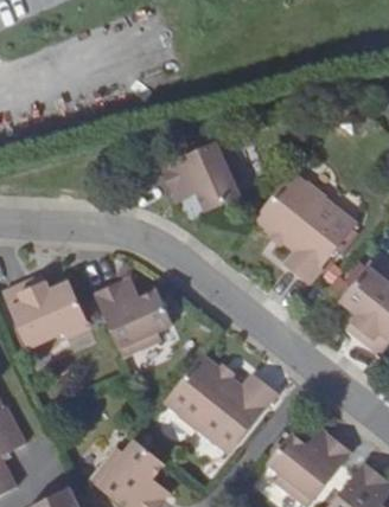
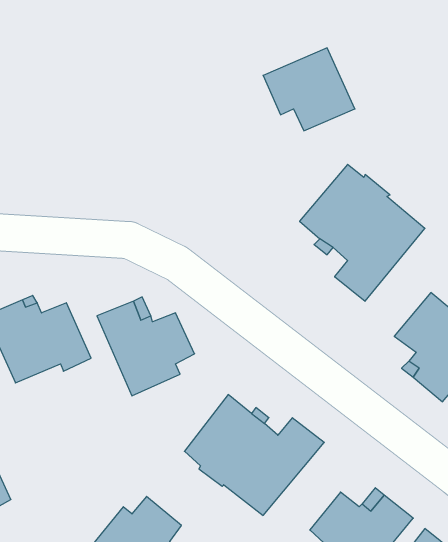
building: [171,139,245,206] -> [263,48,355,131]

